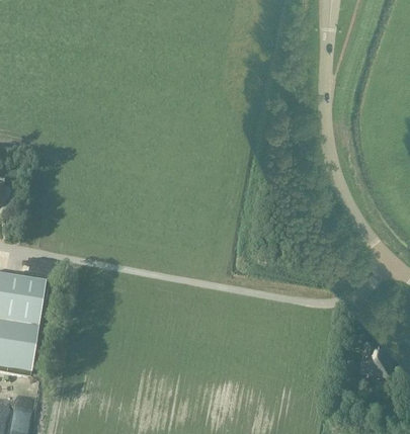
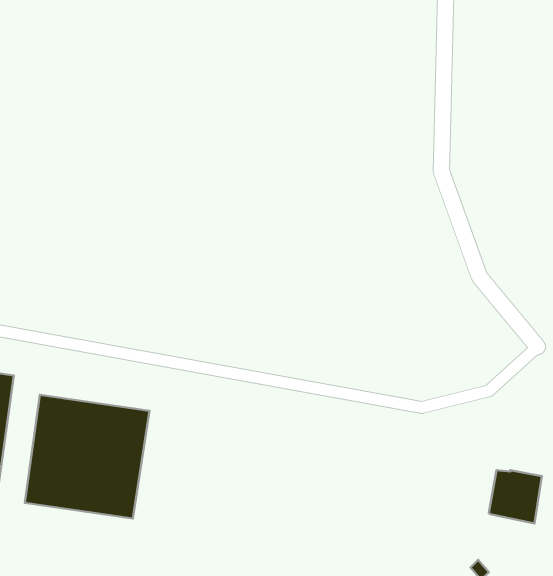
building: none -> [25,395,149,519]

